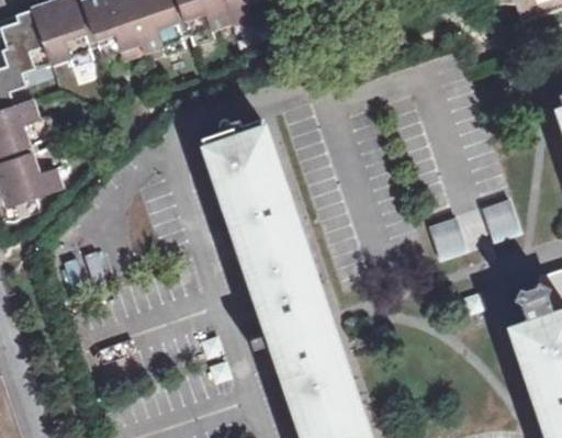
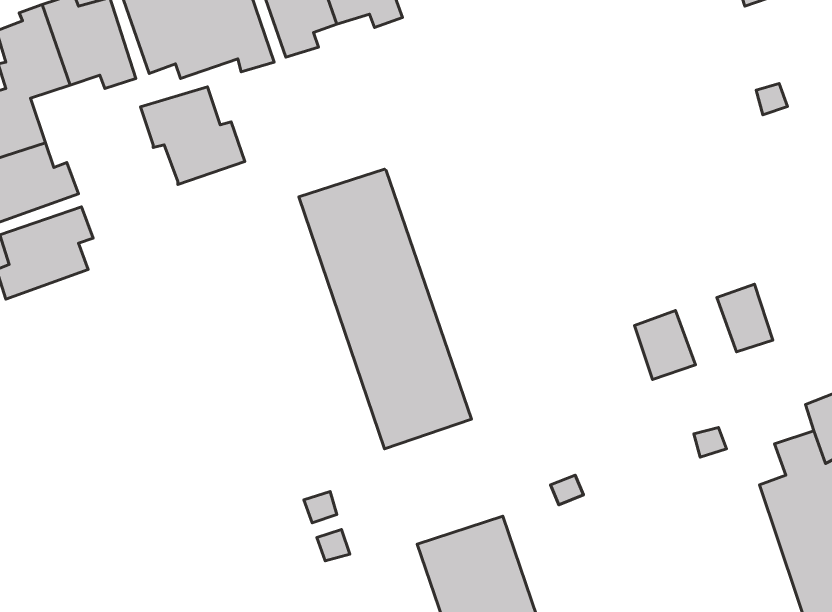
building: none -> [141,87,245,184]
building: [259,285,338,370] -> none

